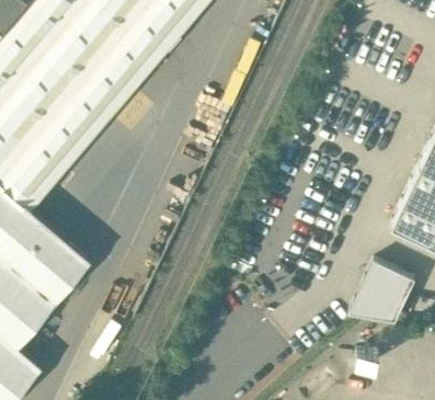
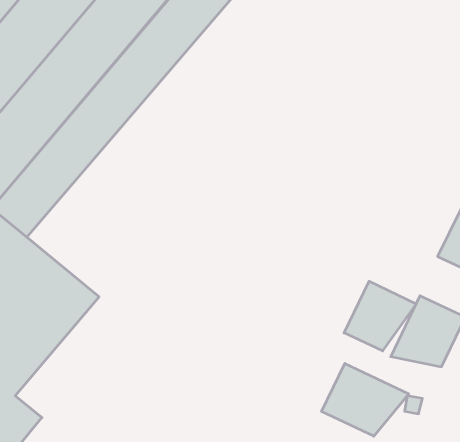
building: none -> [344,281,416,351]
building: none -> [322,363,409,436]

